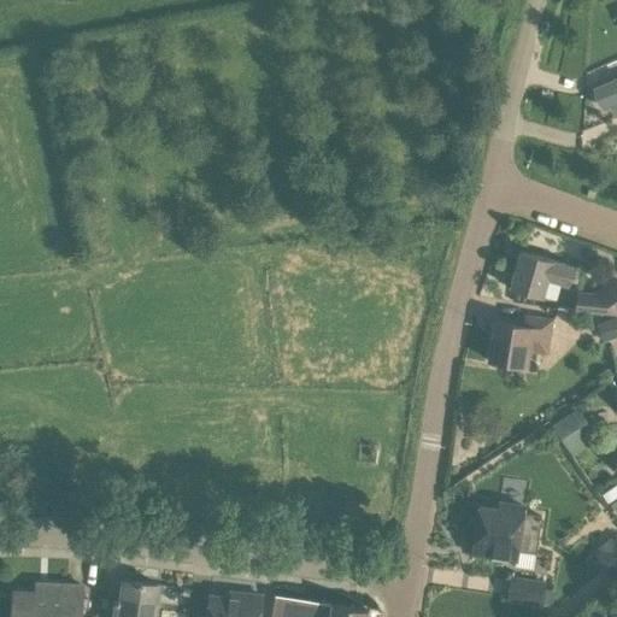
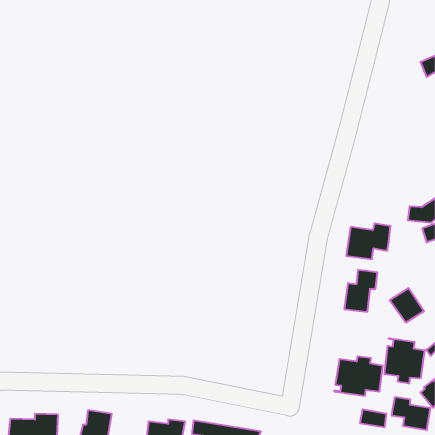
building: [511,252,575,299] -> none
building: none -> [345,270,377,312]
building: none -> [385,338,425,384]
building: none -> [392,397,430,430]

